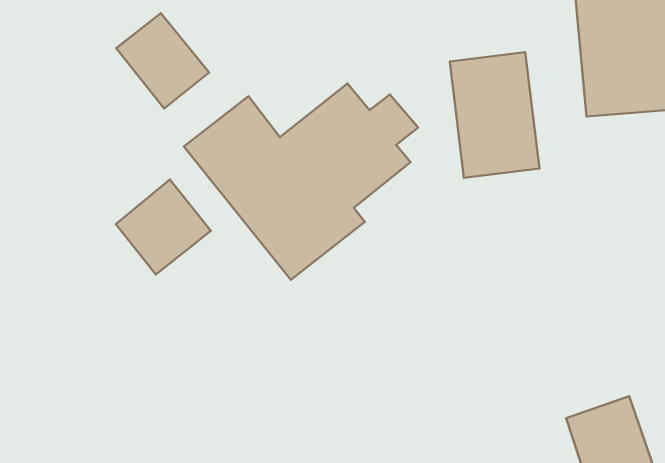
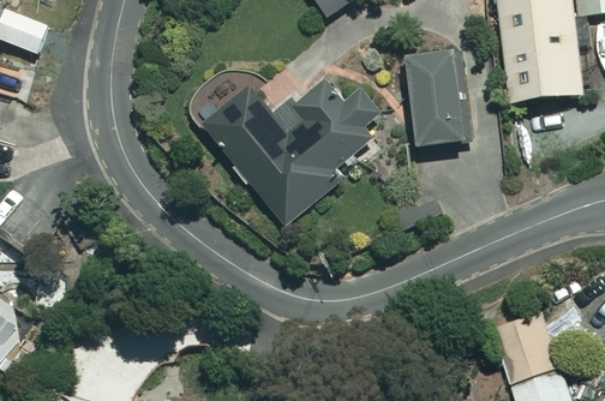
building: [116,13,209,108] -> none
building: [116,180,211,274] -> none

